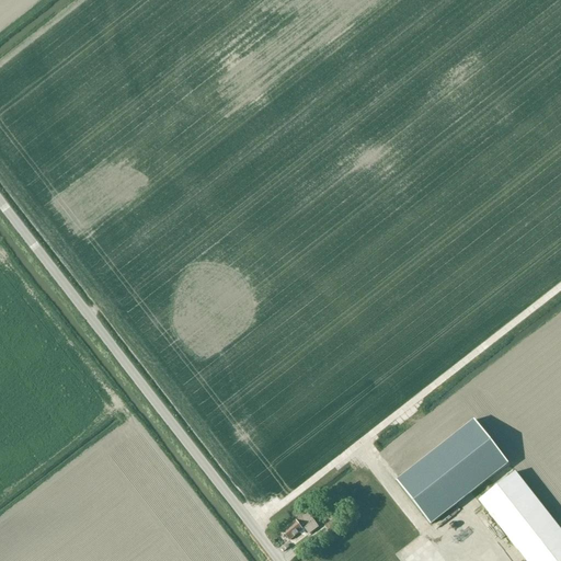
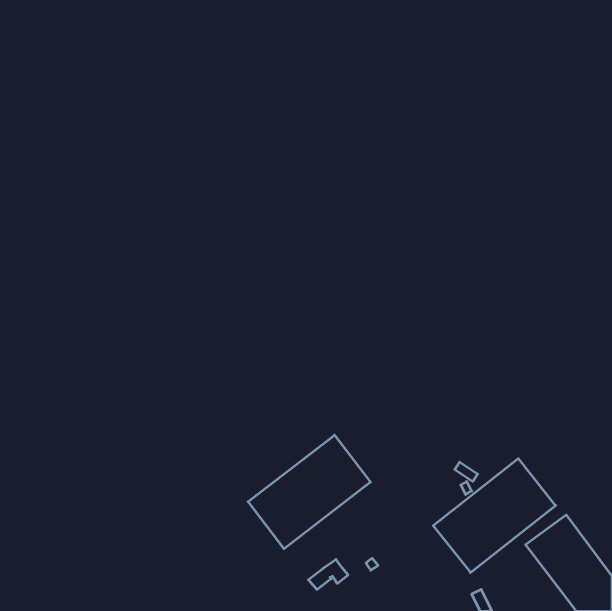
building: none -> [248,435,370,549]

